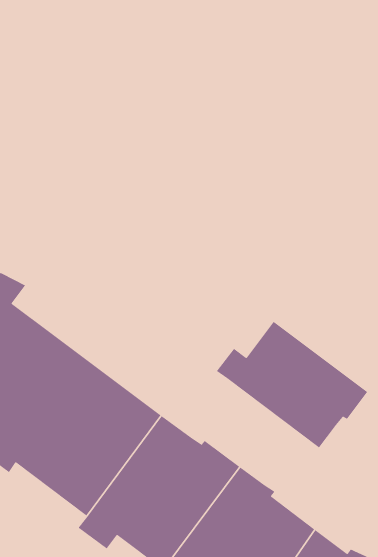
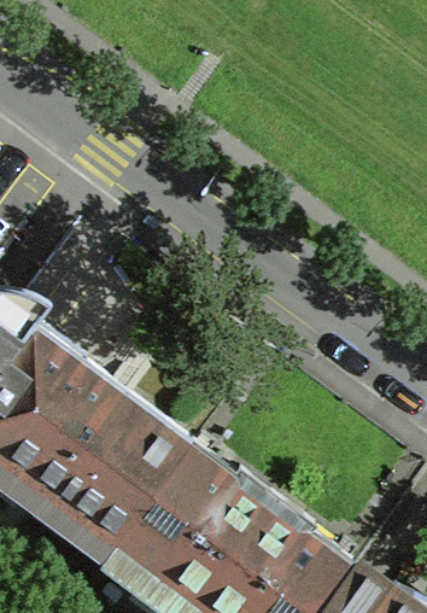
building: [216,321,368,448] -> none

